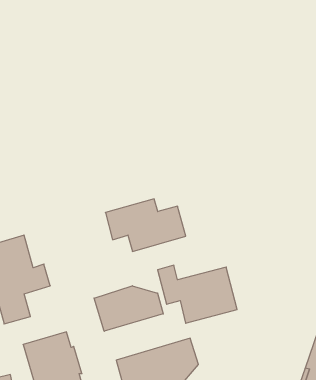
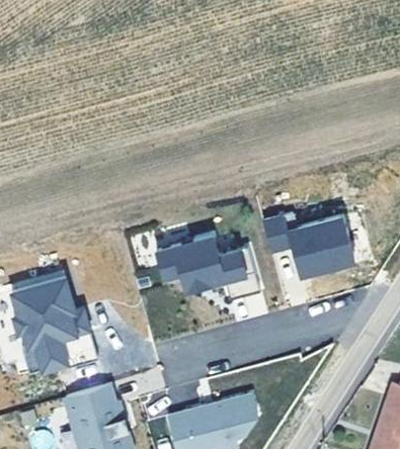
building: [158,265,237,323] -> [264,215,353,280]
building: [94,286,163,331] -> none

